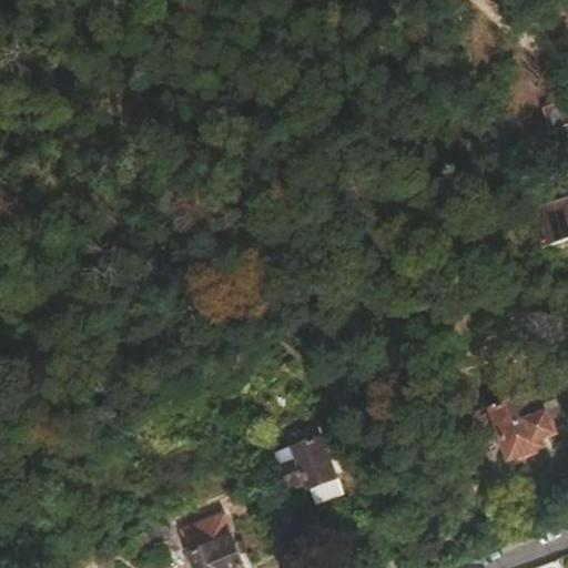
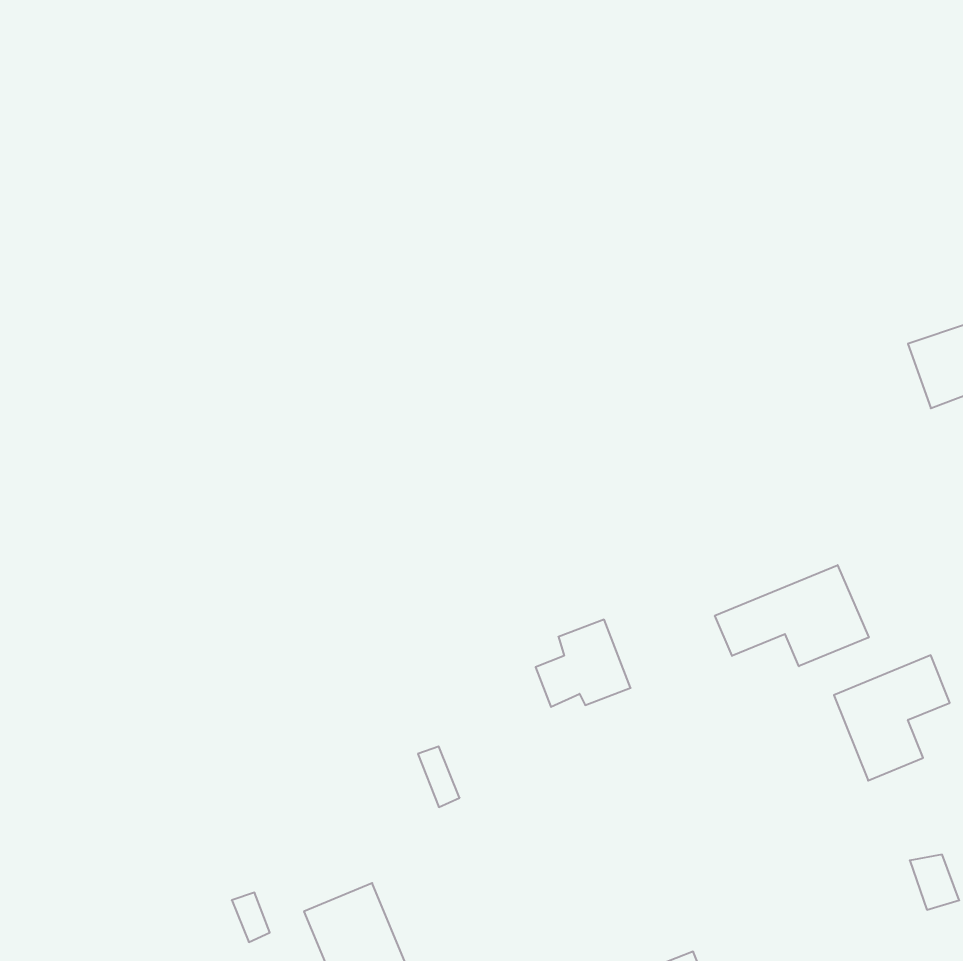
building: none -> [715,565,869,666]
building: [280,443,335,494] -> [536,620,631,707]

